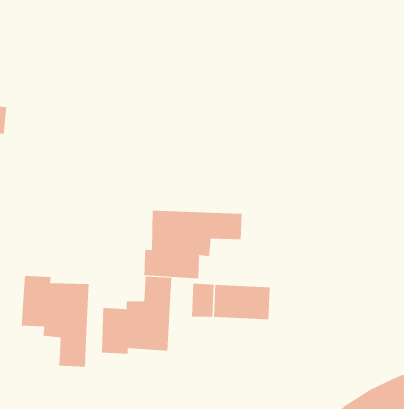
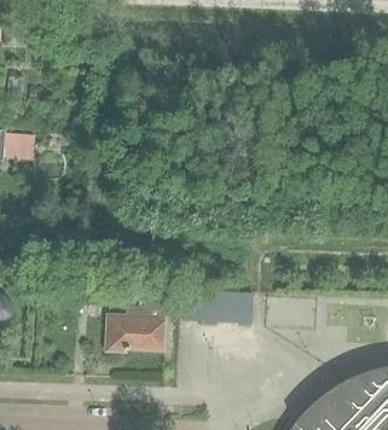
building: [144,210,242,279] -> none
building: [21,275,89,367] -> none

